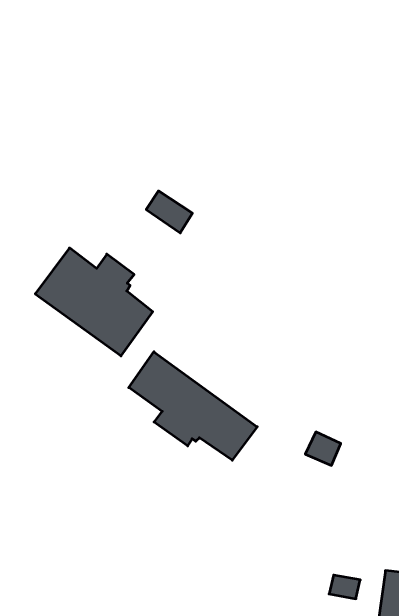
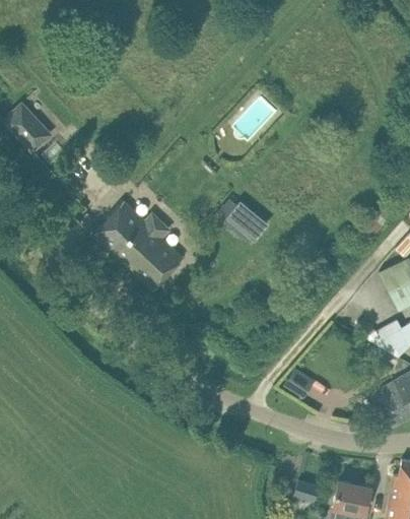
building: [146,191,192,233] -> [227,203,263,238]
building: [129,352,257,460] -> none

